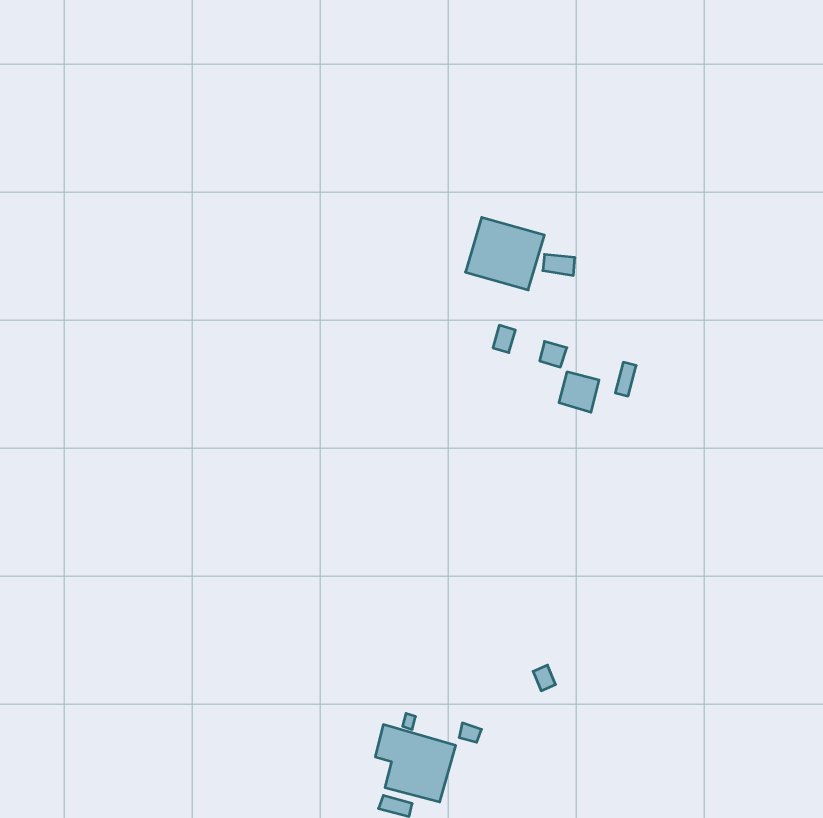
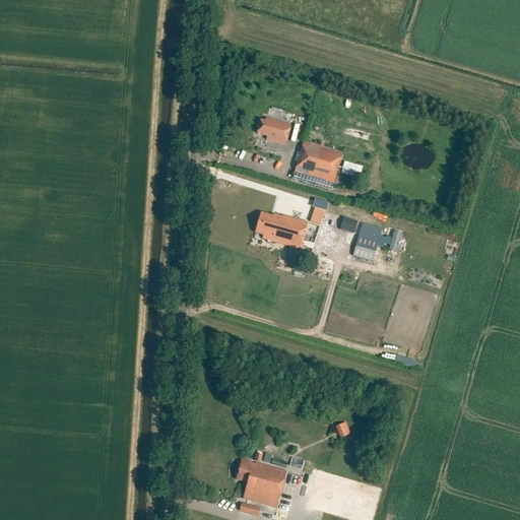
building: none -> [257,117,290,143]
building: none -> [255,212,308,247]

